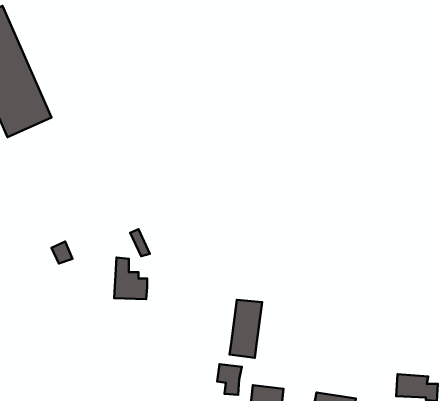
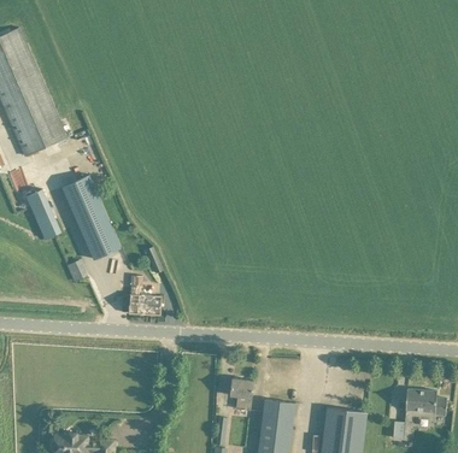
building: none -> [61,176,121,260]
building: none -> [25,188,60,239]
building: [230,300,262,358] -> none

